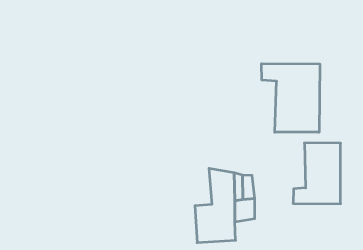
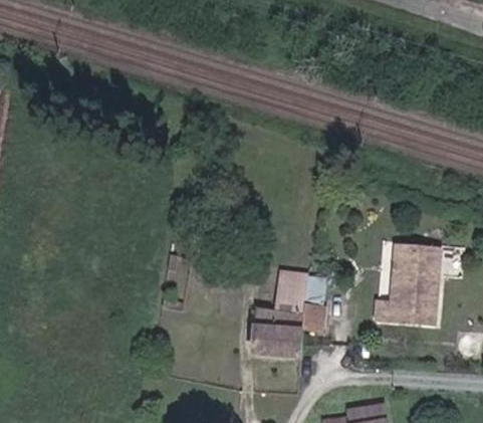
building: [262,64,320,132] -> none

